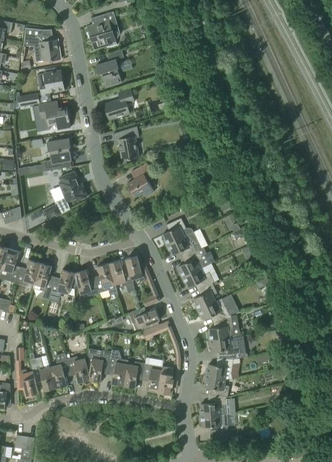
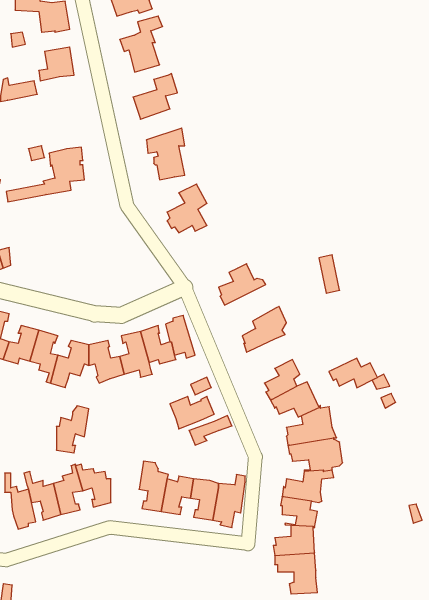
building: [39,102,70,130] -> none
building: [43,172,87,221] -> none
building: [166,232,201,257] -> none
building: [181,269,214,289] -> [329,358,378,388]
building: [89,350,111,382] -> [56,406,89,453]

